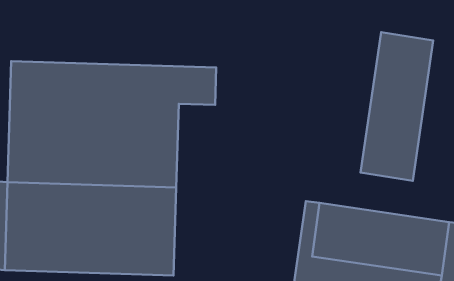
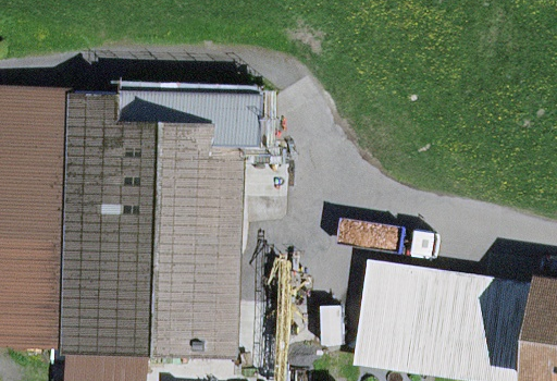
building: [361,32,433,181] -> none

